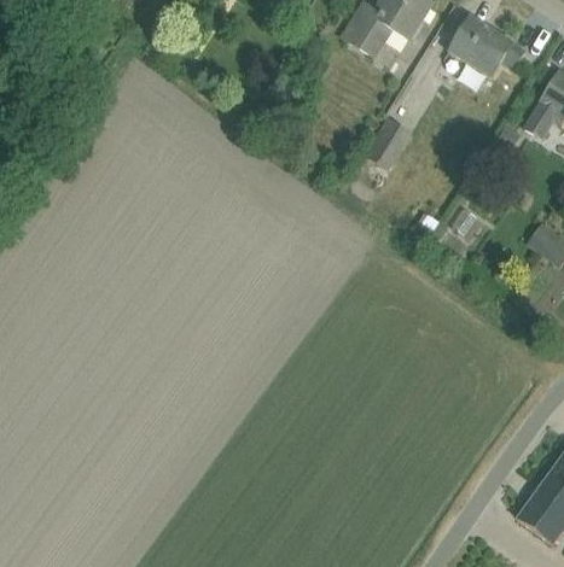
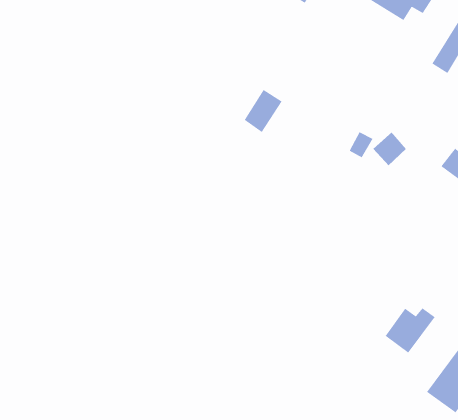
building: [365,117,411,169] -> [244,89,282,133]
building: none -> [385,307,435,353]

